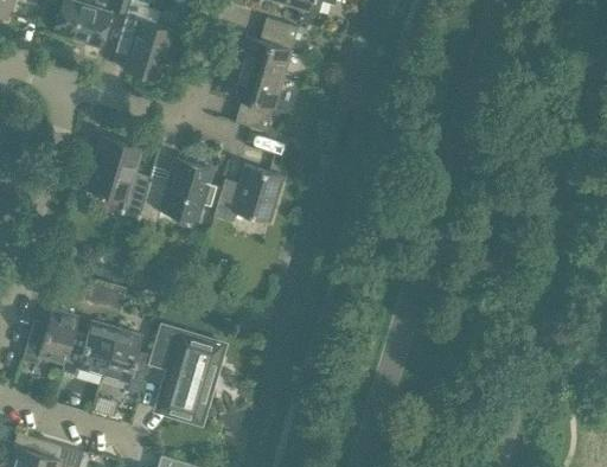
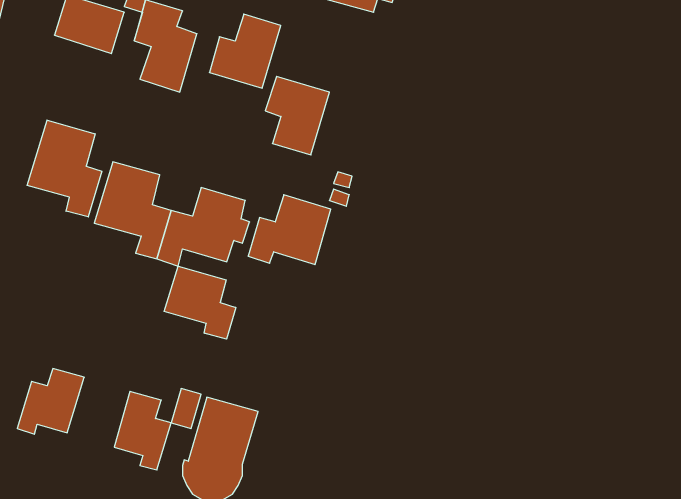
building: [238,18,298,79] -> [209,14,281,88]
building: none -> [27,120,102,217]
building: none -> [164,266,236,339]
building: [62,321,116,376] -> none

